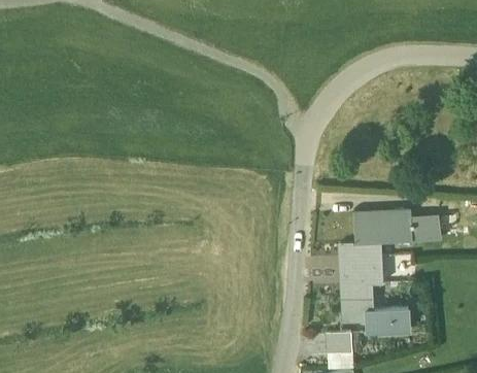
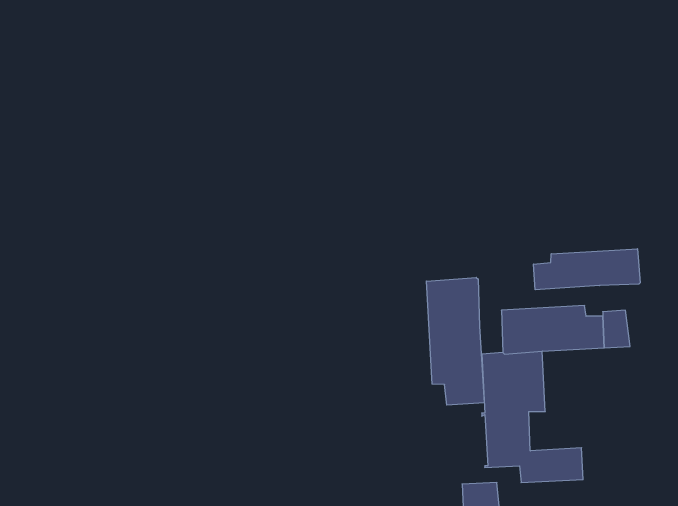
building: none -> [534,249,640,290]
building: none -> [426,277,484,405]

